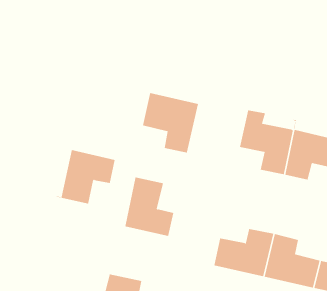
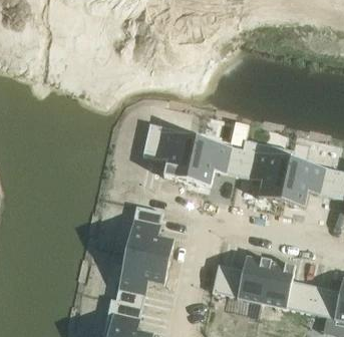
building: none -> [187,133,245,187]
building: [56,150,116,204] -> [110,253,168,306]

